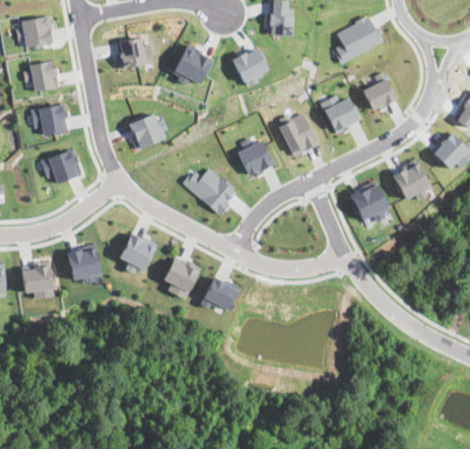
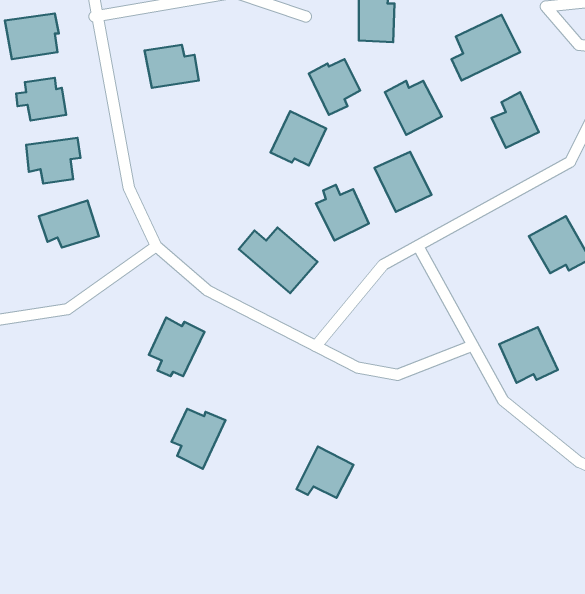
building: [173,46,212,84] -> [270,111,326,166]
building: [321,95,361,134] -> [385,81,442,135]
building: [128,112,167,149] -> none
building: [348,182,390,221] -> [499,327,558,383]
building: [67,242,102,284] -> none
building: [163,257,202,300] -> [171,409,226,469]
building: [21,262,53,299] -> none
building: [200,274,241,311] -> [297,446,354,498]

